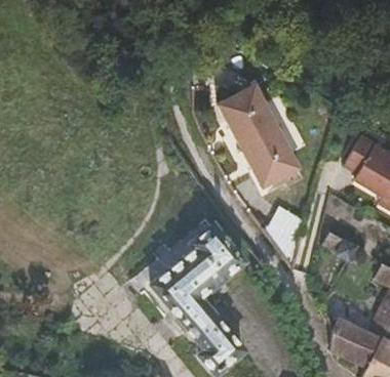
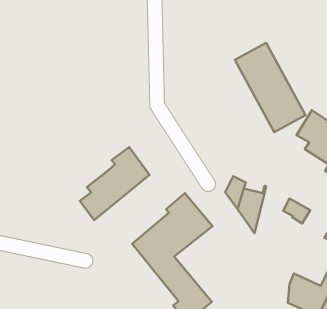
building: [216,83,297,185] -> [235,43,305,132]
building: none -> [80,147,150,220]

